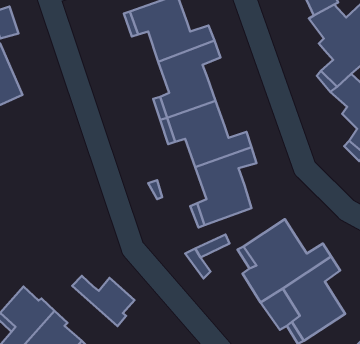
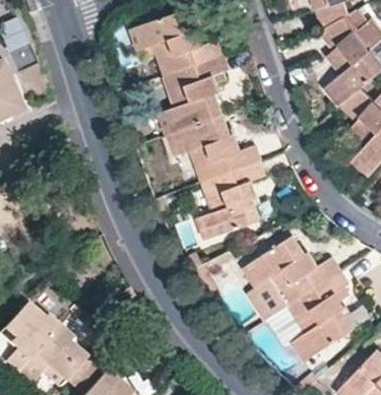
building: [72,276,134,326] -> none

